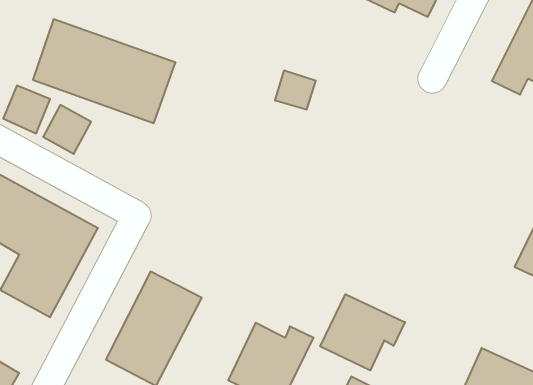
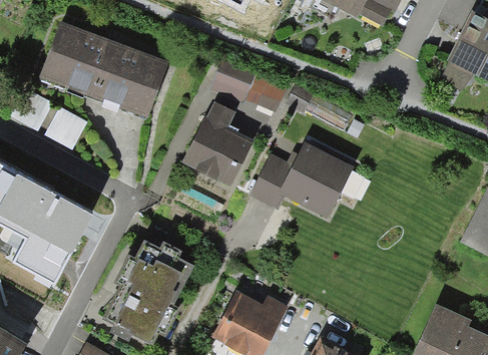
building: none -> [183,101,253,186]
building: none -> [250,143,352,218]
building: [320,294,405,370] -> none

